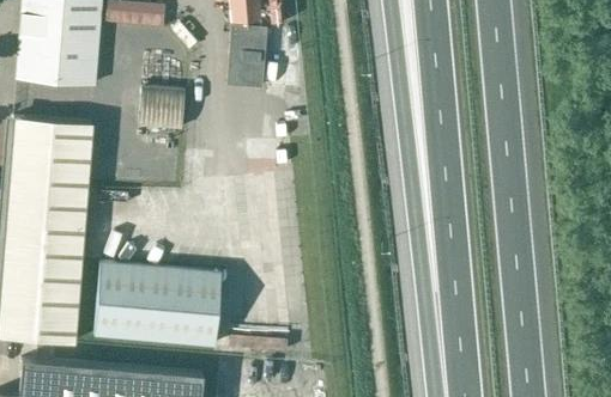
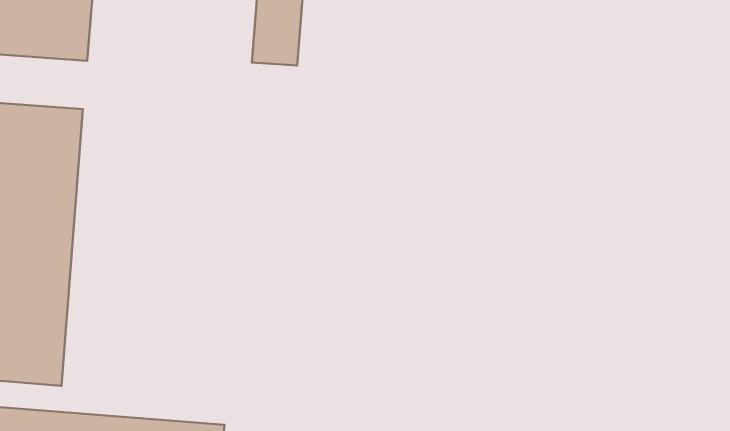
building: [139,88,186,130] -> none
building: [95,263,222,347] -> none

